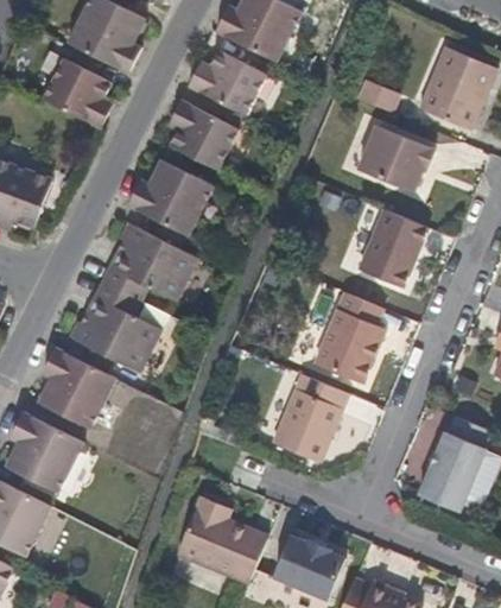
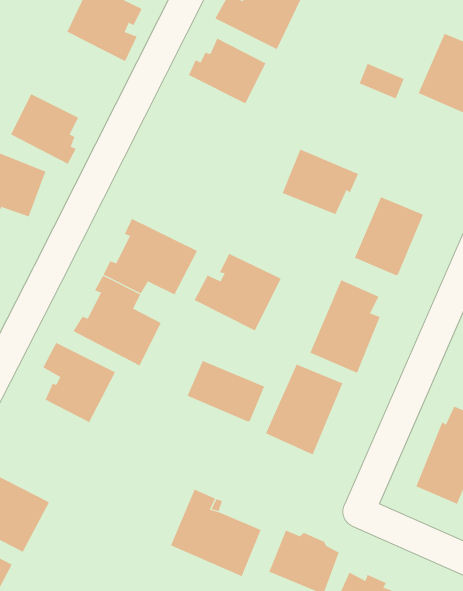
building: [45,59,113,129] -> [10,93,79,164]
building: [172,101,241,171] -> none
building: [354,121,430,186] -> [282,149,359,215]
building: [133,160,220,238] -> [194,253,282,331]
building: none -> [187,360,265,422]
building: [15,414,87,494] -> none

